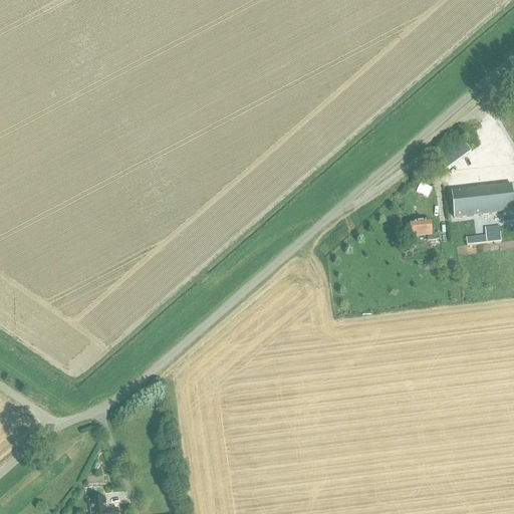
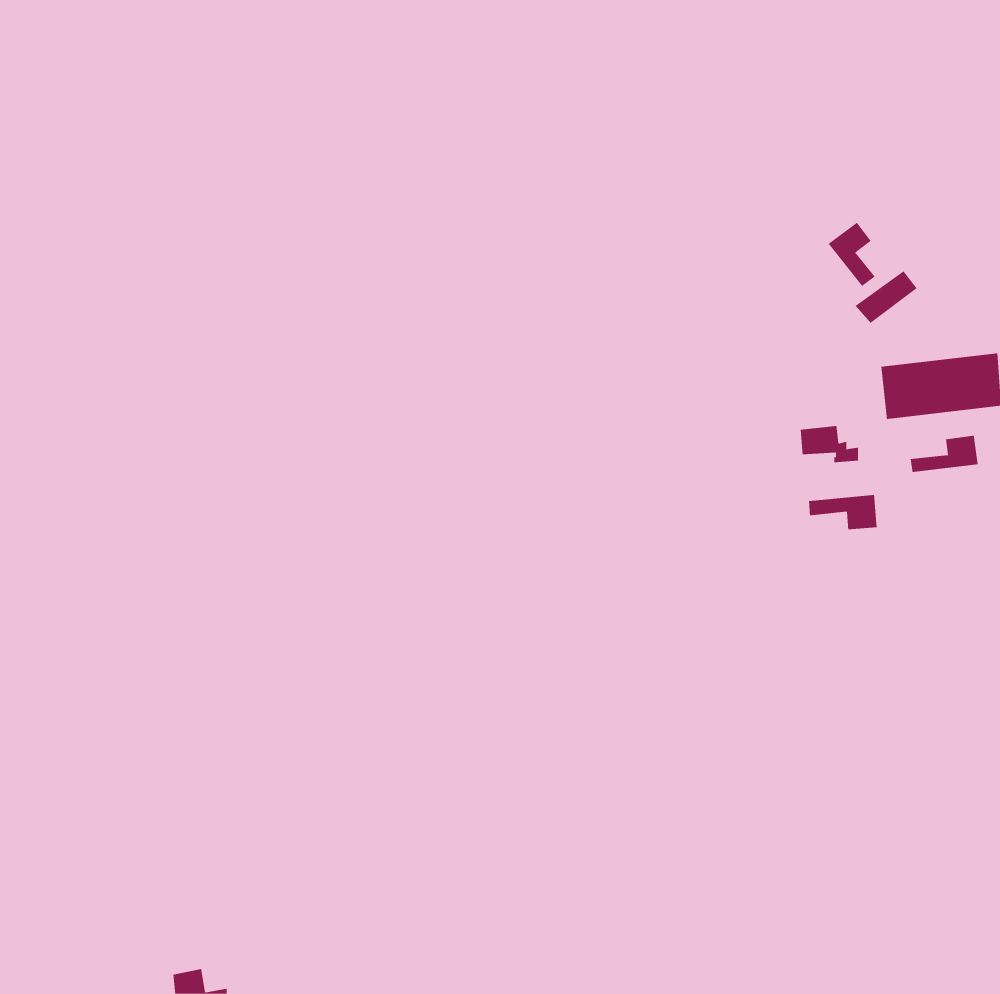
building: none -> [828,222,876,287]
building: none -> [808,494,877,530]

